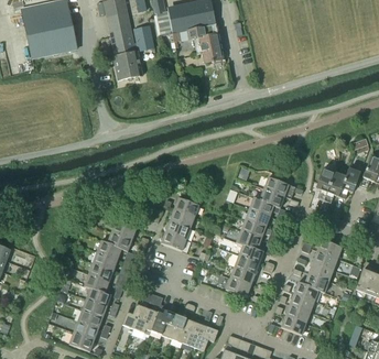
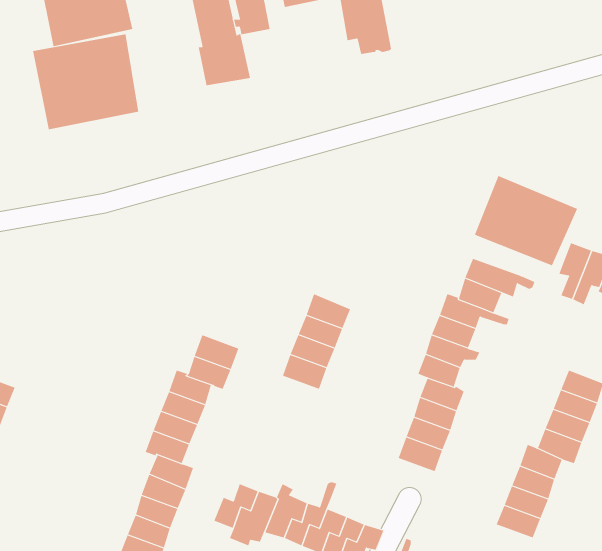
building: none -> [33,33,139,130]
building: none -> [474,175,578,266]

